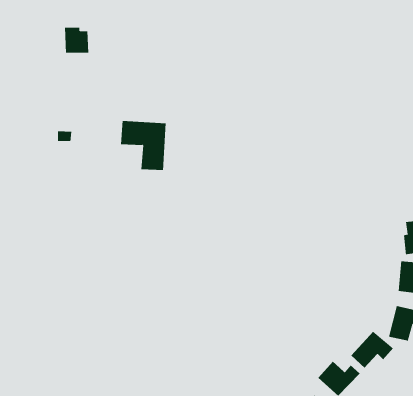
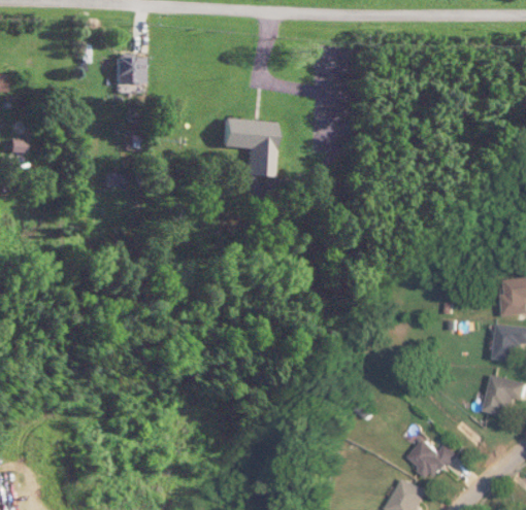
building: [120,120,166,170] -> [219,118,272,176]
building: [351,331,394,369] -> none

